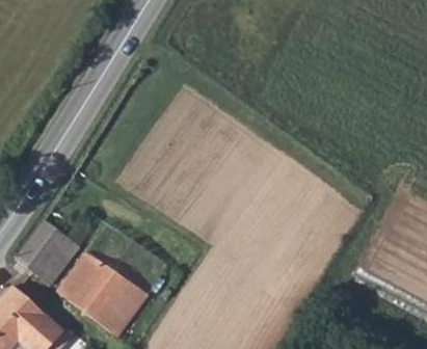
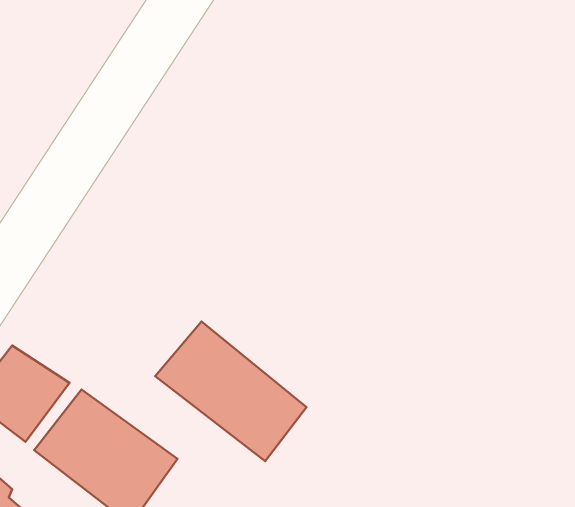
building: none -> [155,321,306,461]

